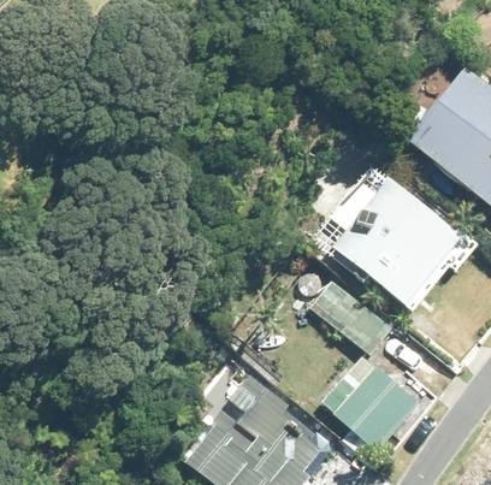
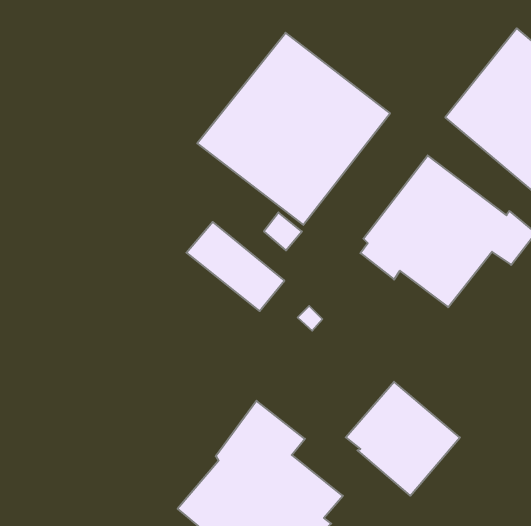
building: none -> [197,33,390,225]
building: [310,280,391,354] -> [186,222,284,311]

